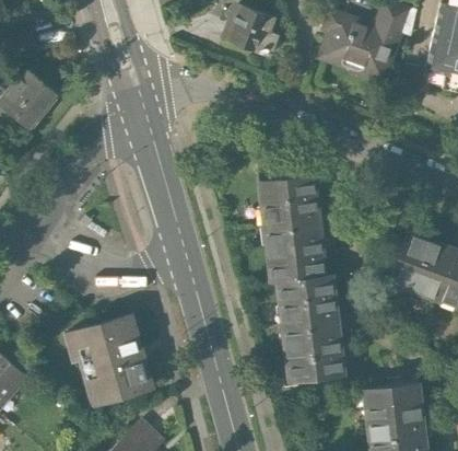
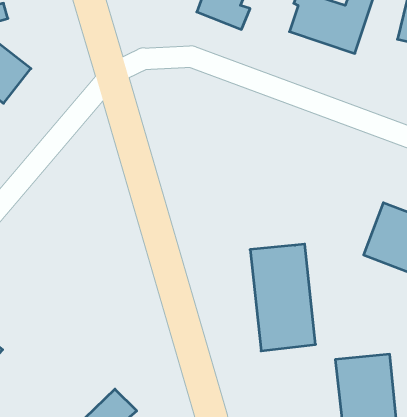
building: [260,175,321,280] -> none
building: [68,315,153,403] -> none

